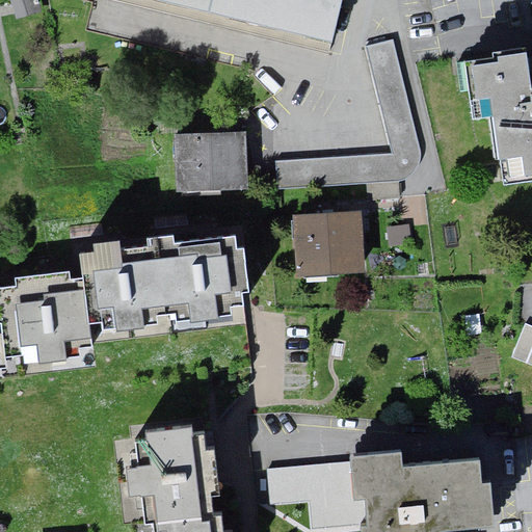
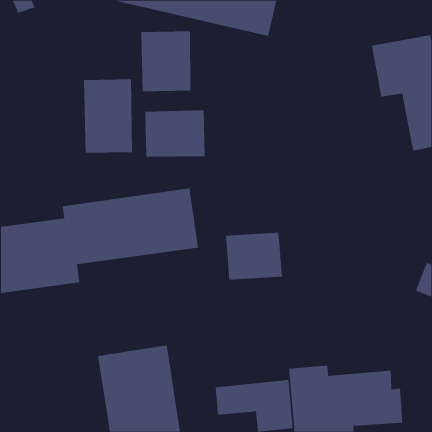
building: none -> [141,31,191,92]
building: [274,38,421,189] -> none
building: none -> [84,79,132,154]
building: [296,216,367,275] -> [225,232,283,280]

